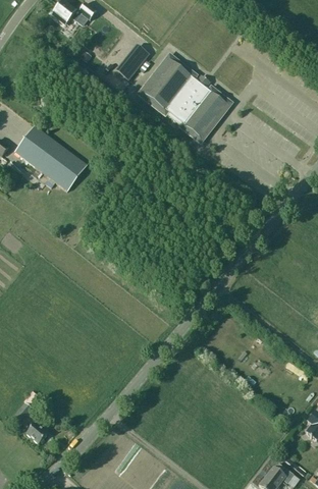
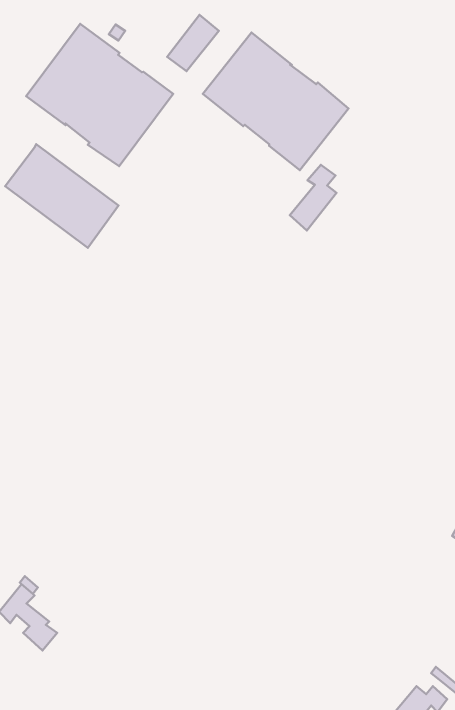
building: none -> [26,24,173,166]
building: none -> [290,165,337,231]

